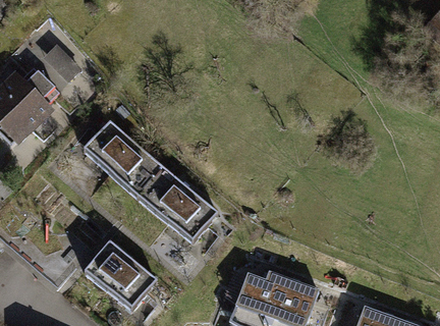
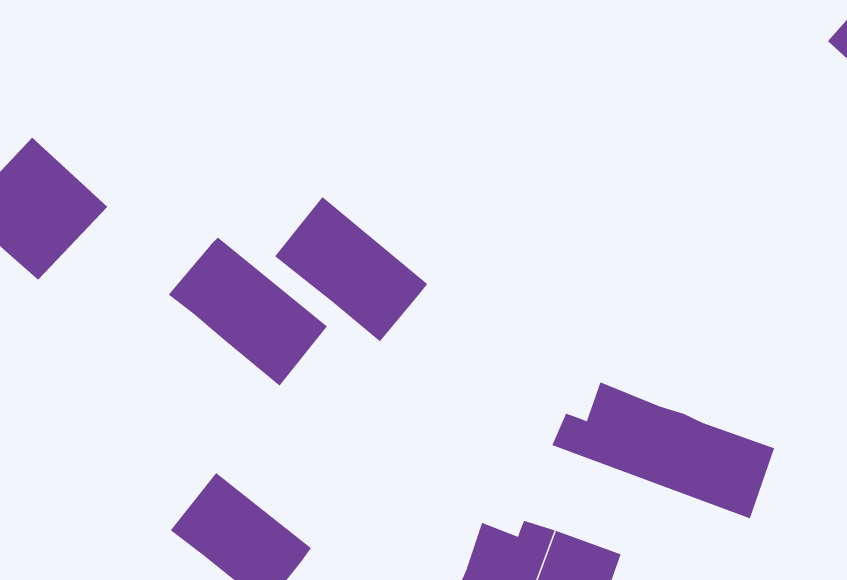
building: [145,171,223,246] -> [274,196,428,342]
building: none -> [551,382,775,519]

